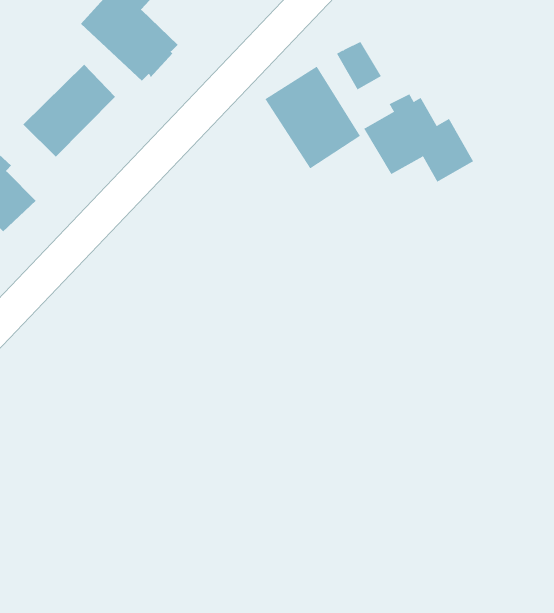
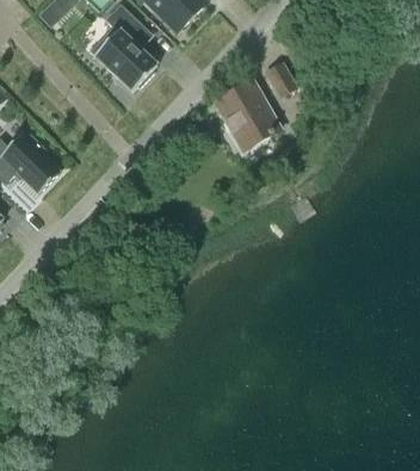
building: [23,64,116,157] -> none
building: [363,94,474,182] -> none

